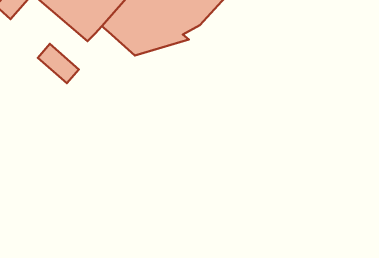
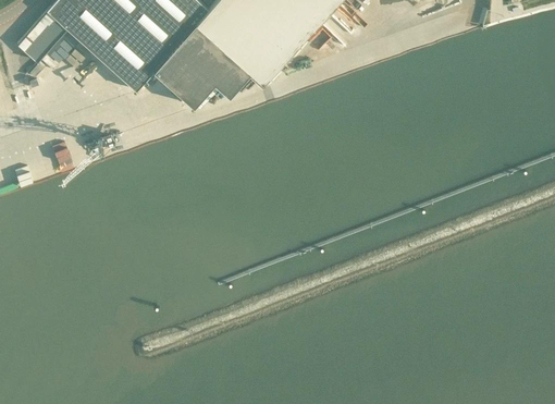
building: [38,44,79,83] -> none

